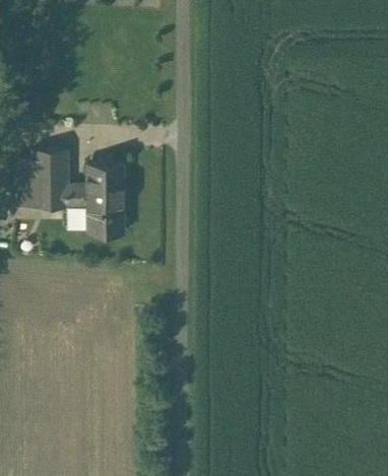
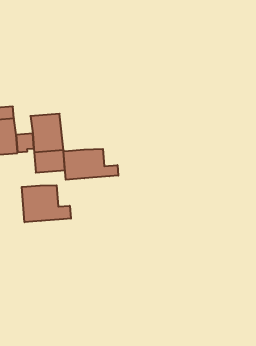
building: none -> [63,149,118,180]
building: none -> [22,185,71,222]

